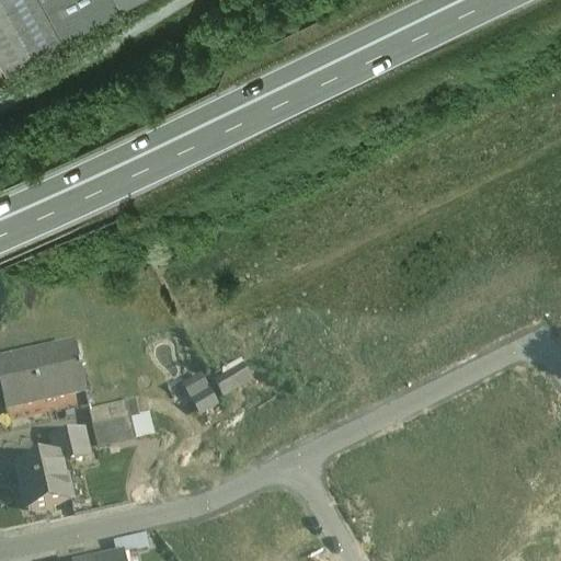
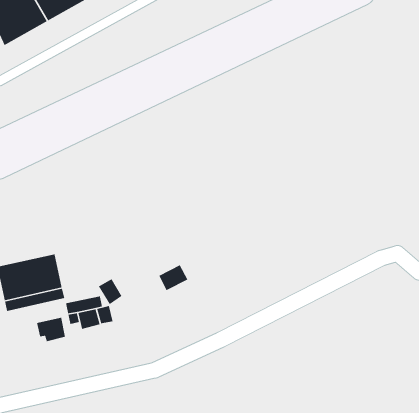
building: [184,371,217,408] -> [98,278,123,305]
building: [15,448,69,503] -> none

